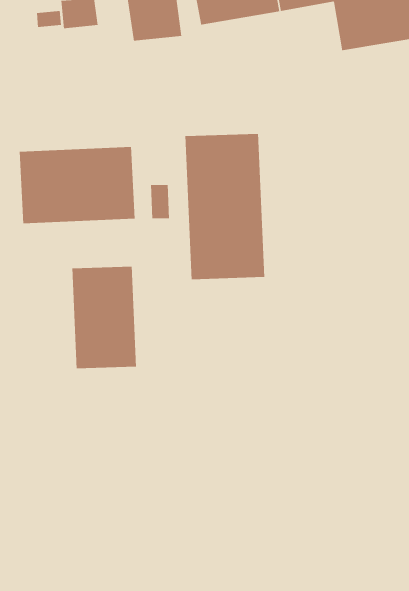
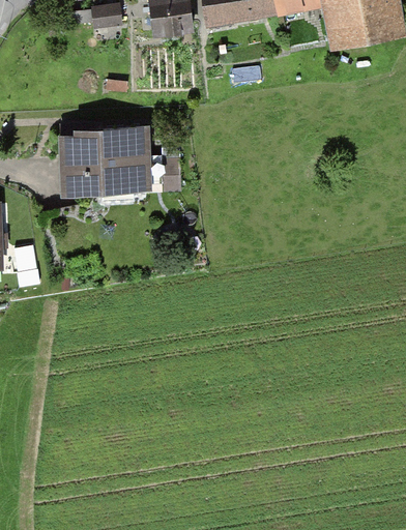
building: [185,133,265,280] -> none
building: [72,266,136,369] -> none

